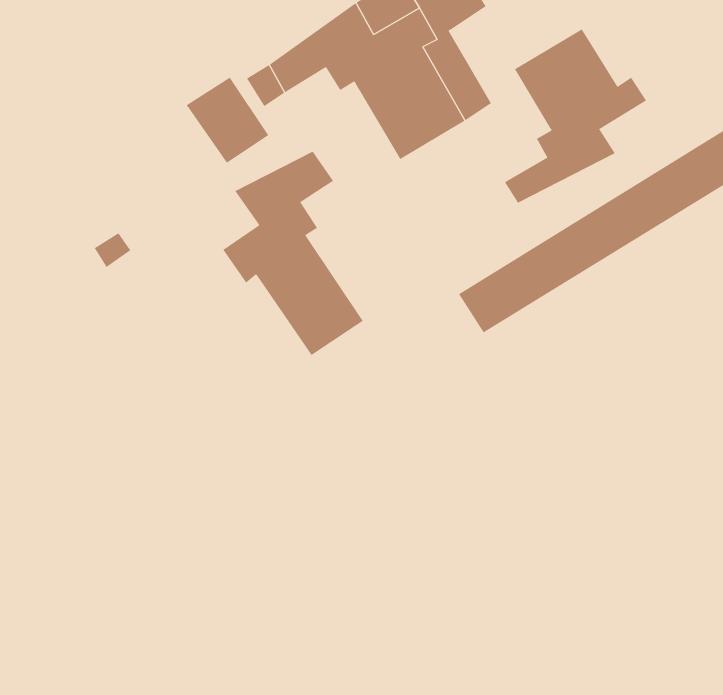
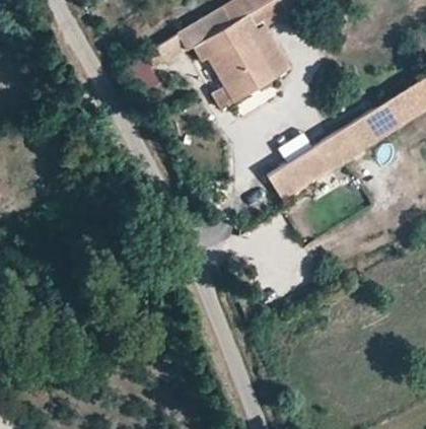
building: [504,29,647,203] -> none
building: [222,151,364,356] -> none

